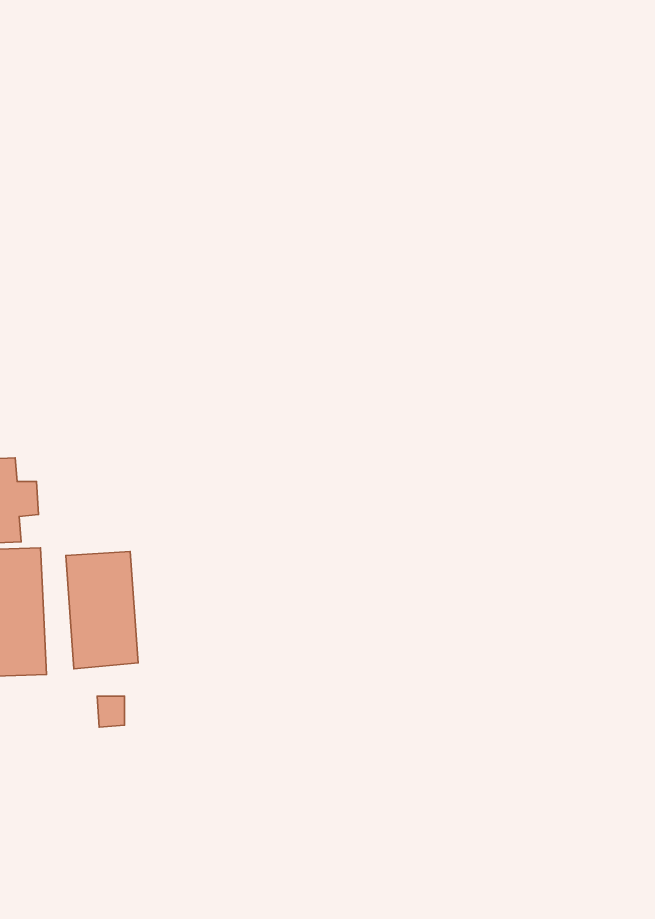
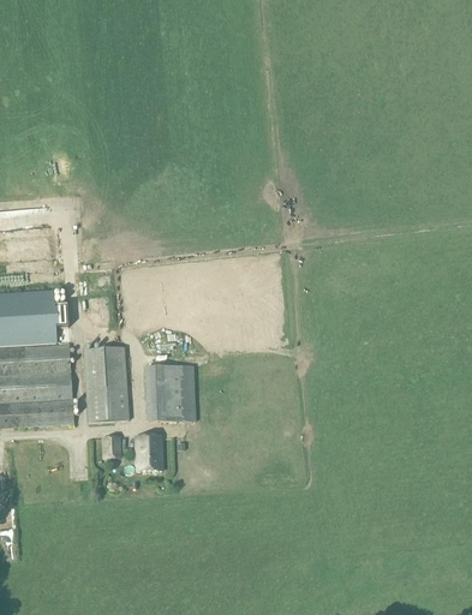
building: none -> [148,365,195,419]
building: none -> [136,436,162,470]

